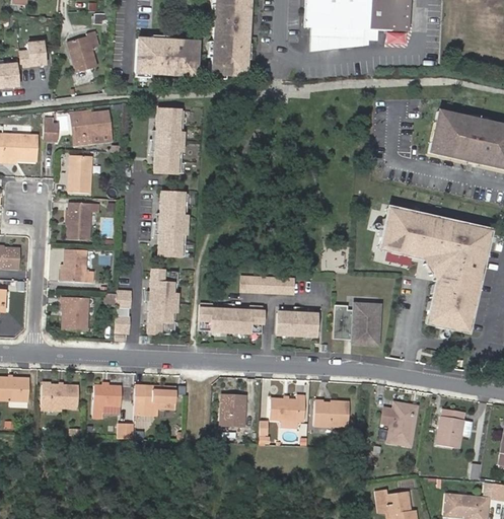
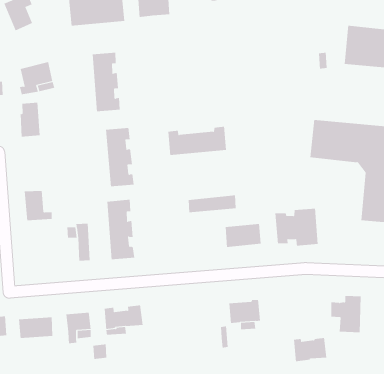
building: [68,201,99,238] -> none
building: [62,294,88,327] -> none
building: [199,305,263,333] -> [167,126,227,155]
building: [221,393,246,426] -> none
building: [315,399,351,424] -> [293,338,327,362]

